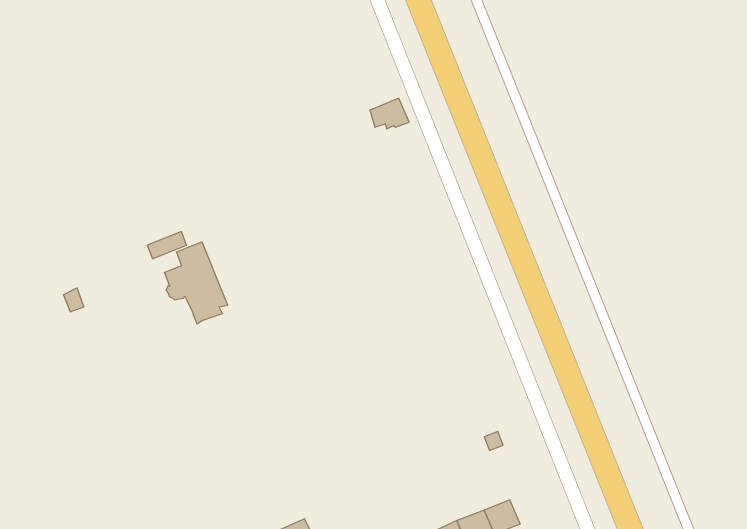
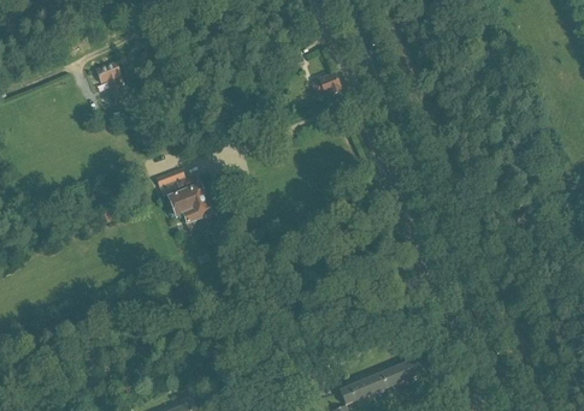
building: none -> [96,61,129,100]

